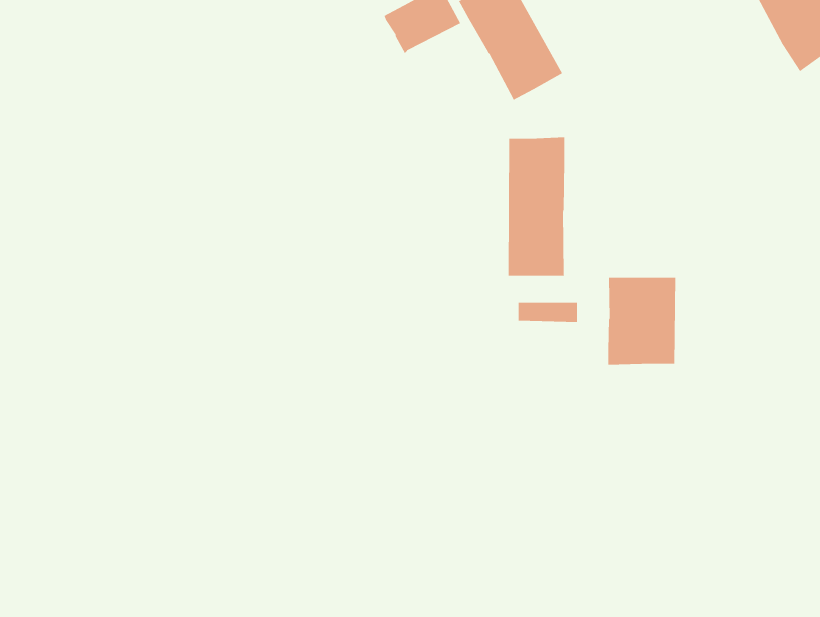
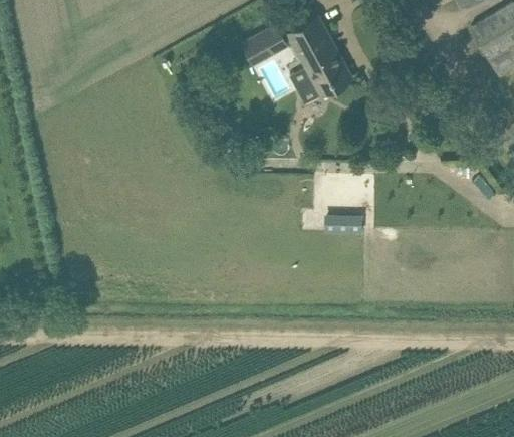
building: [508,137,565,277] -> none
building: [607,277,676,365] -> none

